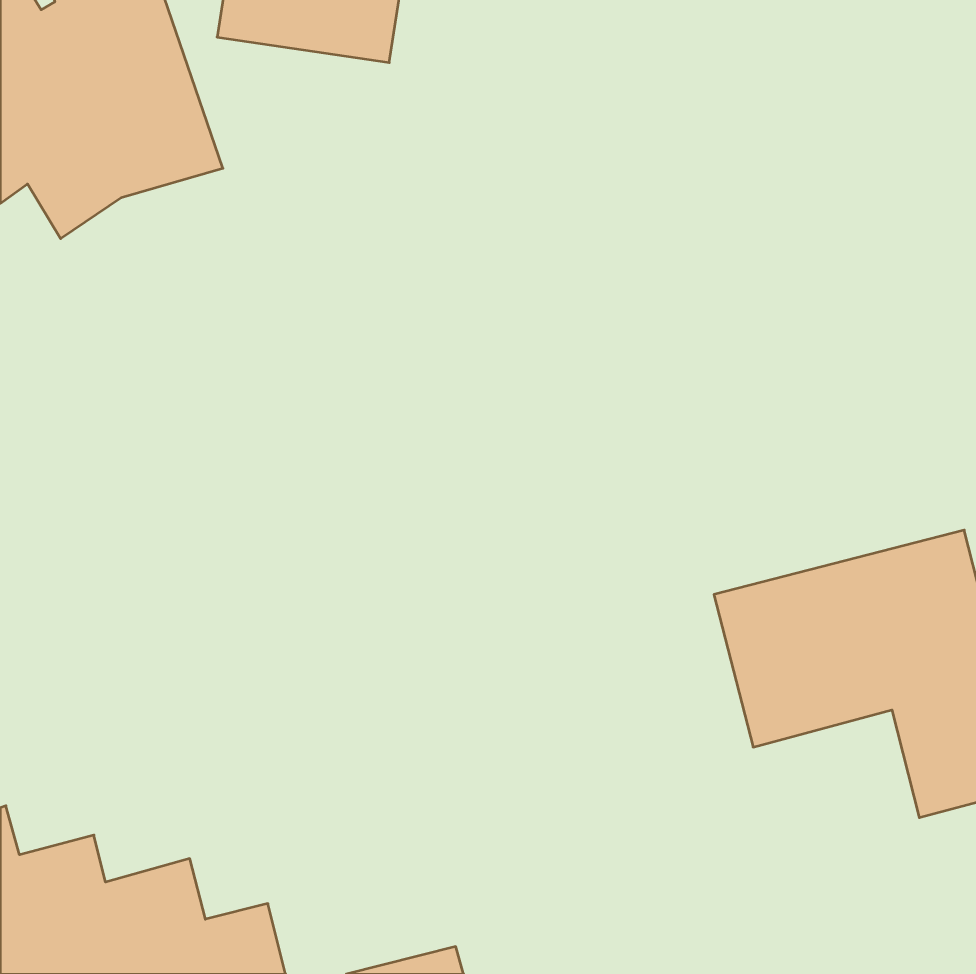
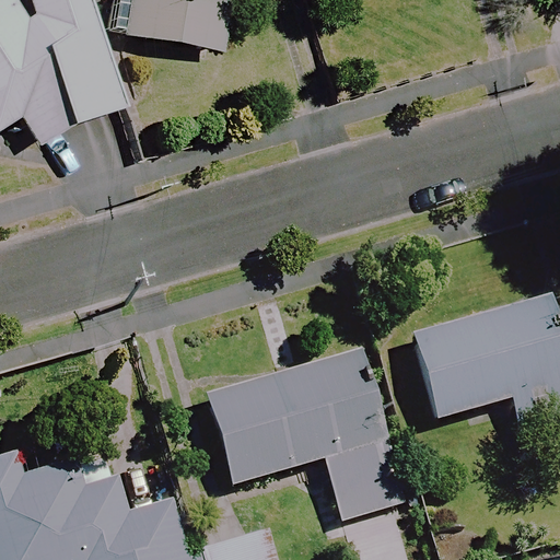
building: none -> [205,350,398,517]

